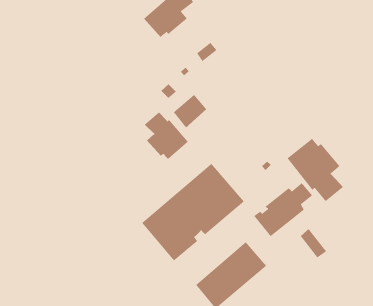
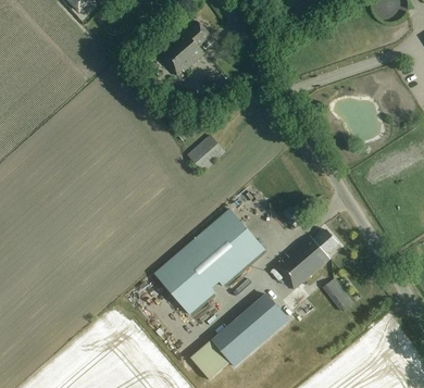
building: [144,111,189,160] -> none
building: [286,138,344,202] -> none

